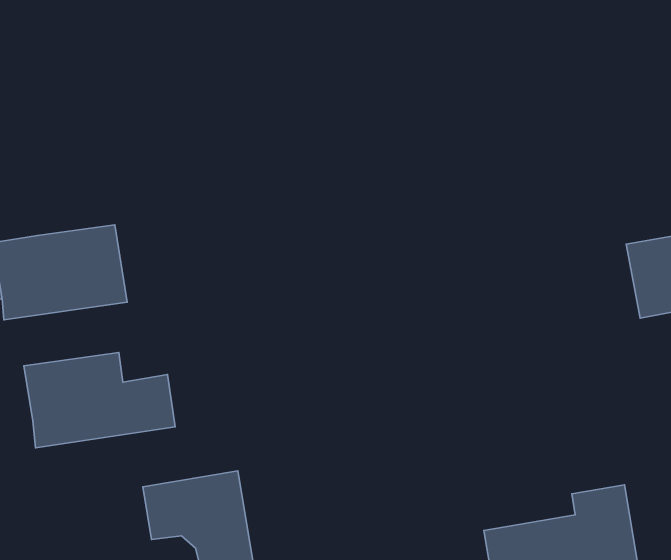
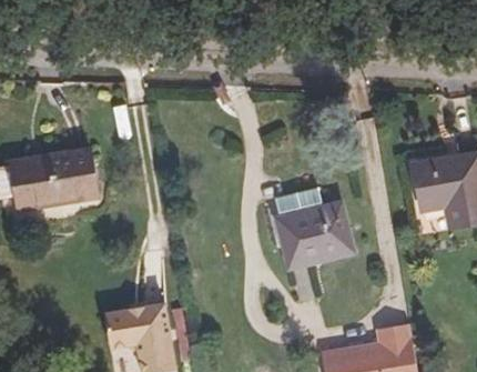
building: none -> [270,180,351,262]
building: [24,352,175,448] -> none

